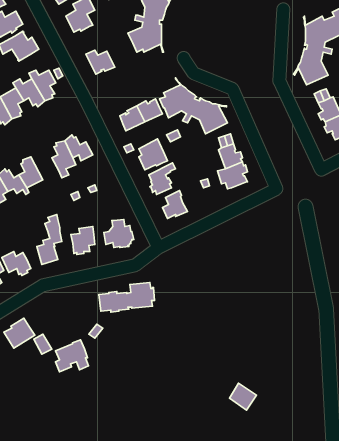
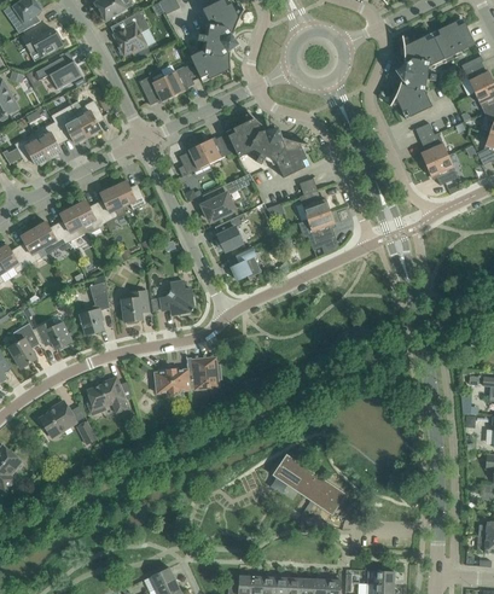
building: none -> [163,64,194,97]
building: none -> [71,199,105,233]
building: [56,340,88,372] -> [86,377,126,415]
building: none -> [275,456,318,495]

